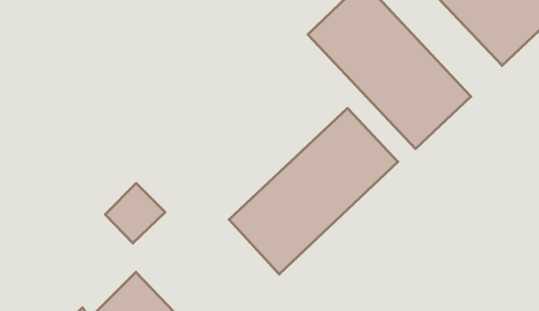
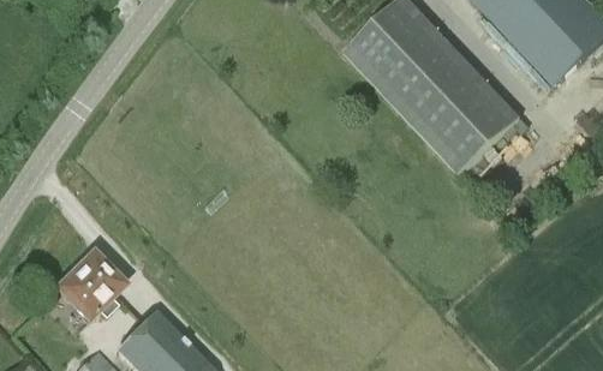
building: [229,108,398,274] -> none
building: [105,183,165,243] -> [59,255,124,319]

